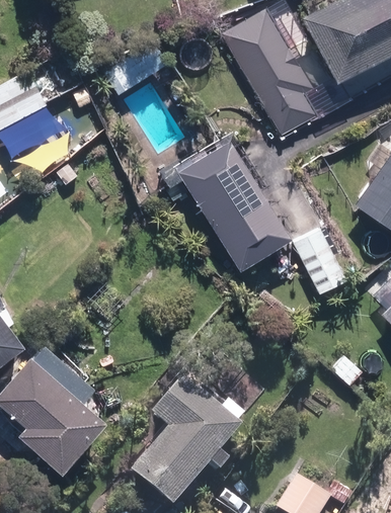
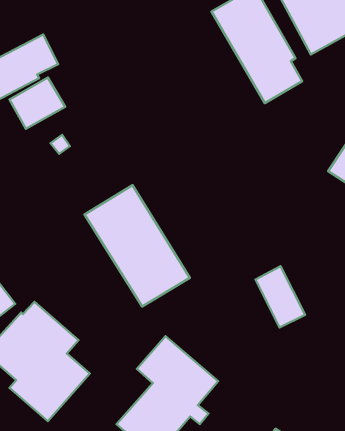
building: [178,141,290,269] -> [85,185,190,306]
building: [296,231,348,295] -> [256,266,305,327]

